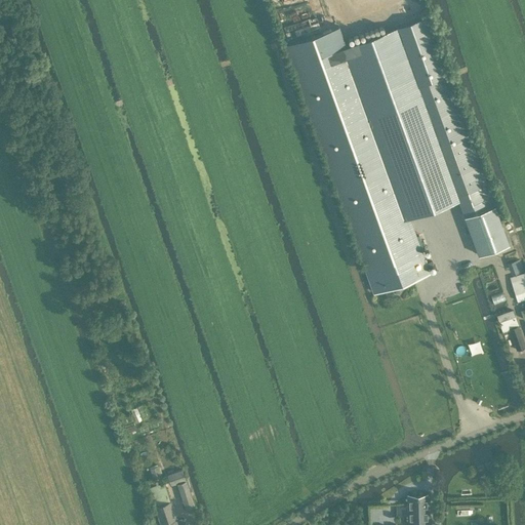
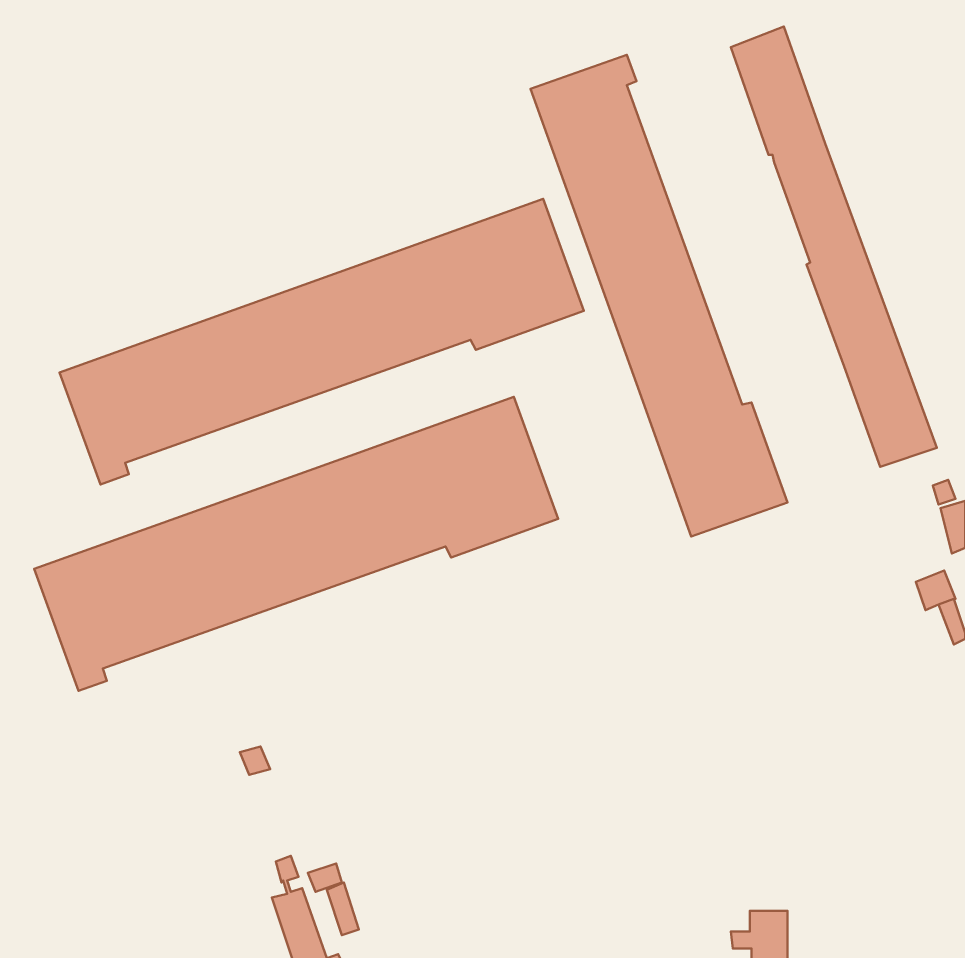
building: [340,30,458,224] -> none
building: none -> [60,199,584,484]
building: none -> [34,397,558,691]

